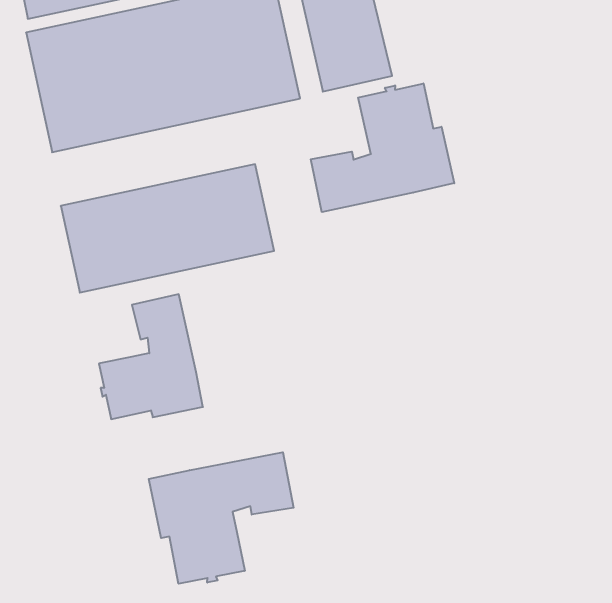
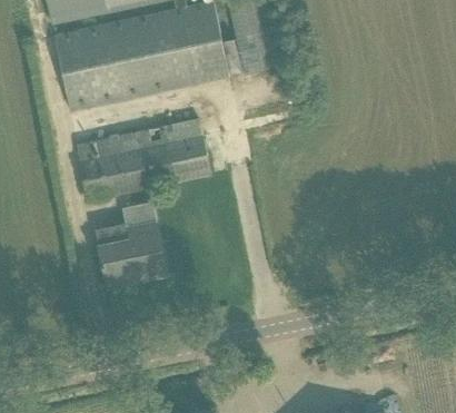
building: [311,83,454,212] -> none
building: [149,452,294,584] -> none

